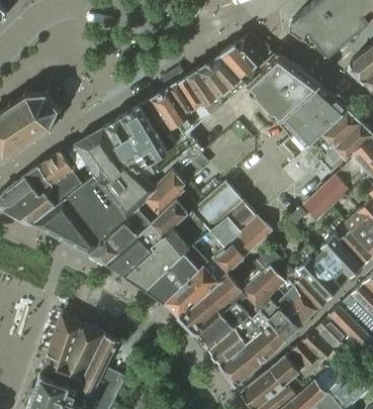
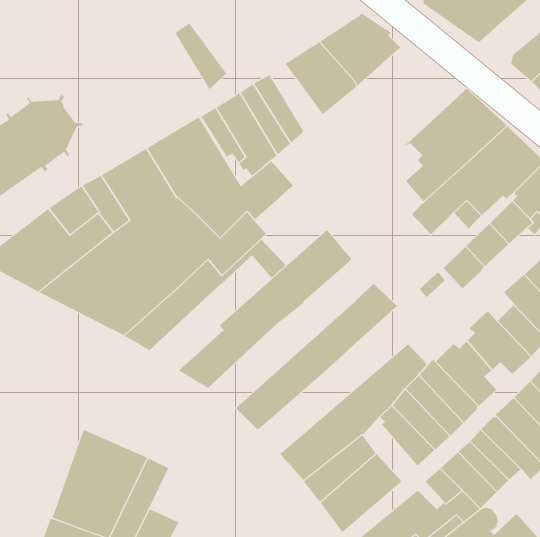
building: [246,56,319,122] -> none
building: [187,70,222,115] -> [174,23,227,90]
building: [106,199,188,276] -> none
building: [146,201,257,301] -> none
building: [179,248,280,331] -> none
building: [250,307,286,350] -> none

